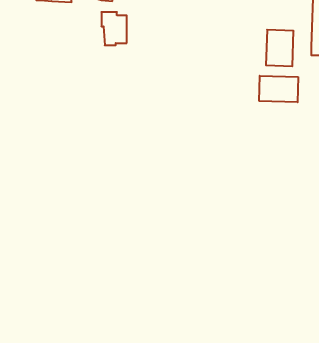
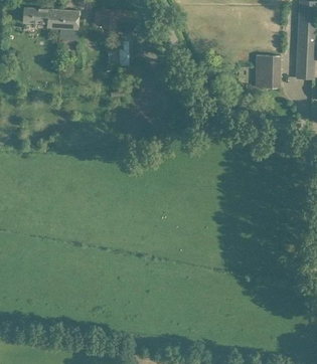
building: [259,76,298,102] -> none

